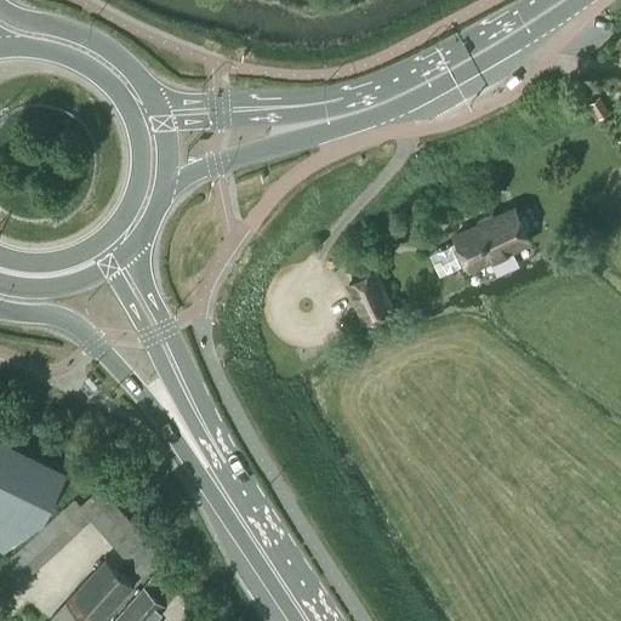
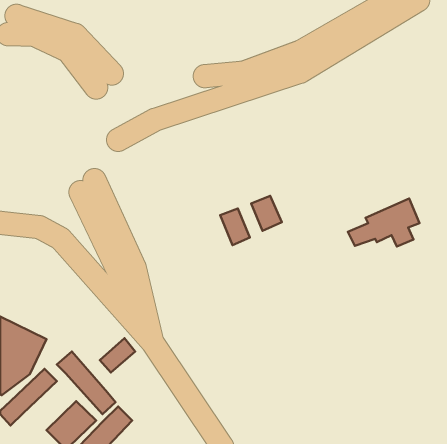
building: [428,212,528,279] -> [348,199,420,247]
building: none -> [220,208,250,245]
building: none -> [100,338,135,373]

